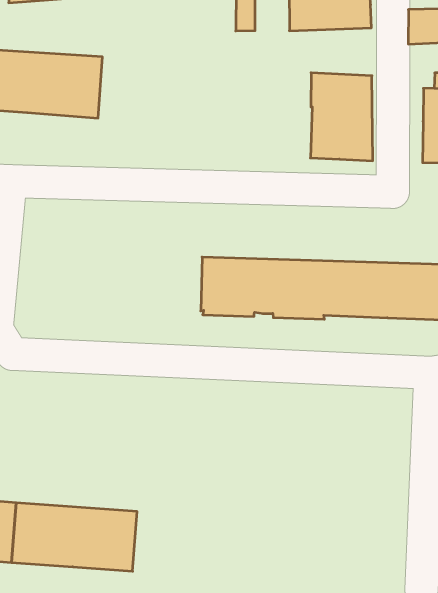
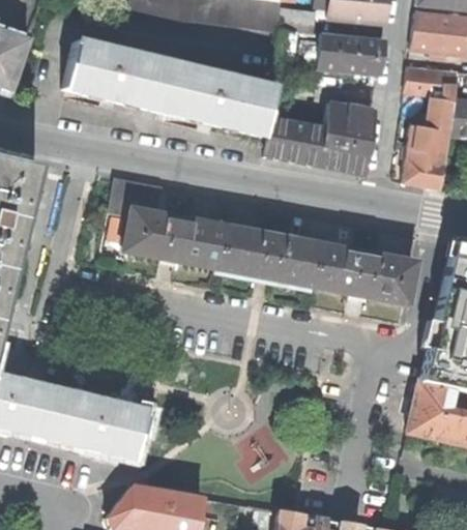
building: none -> [166,65,275,134]
building: none -> [268,117,328,166]
building: none -> [113,180,228,268]

